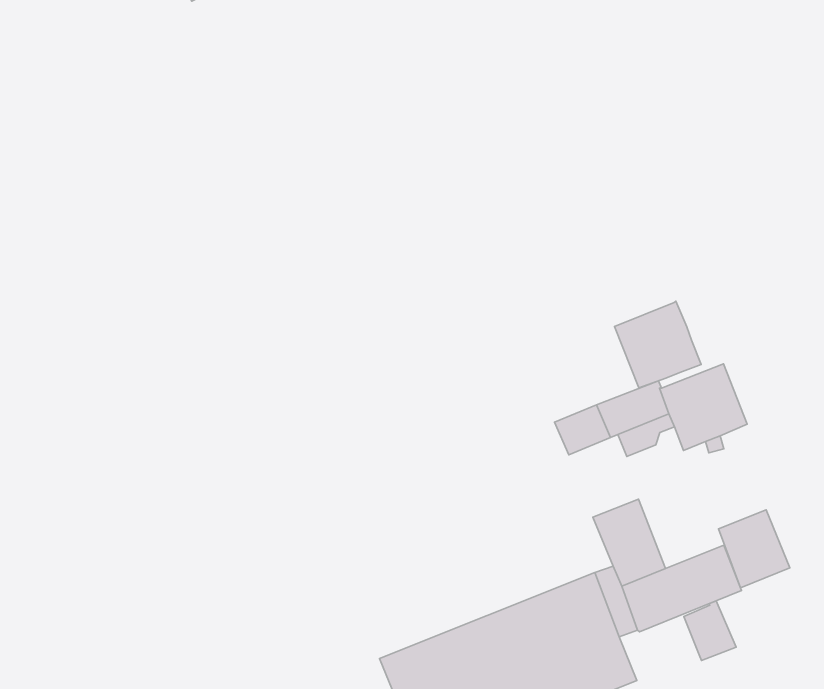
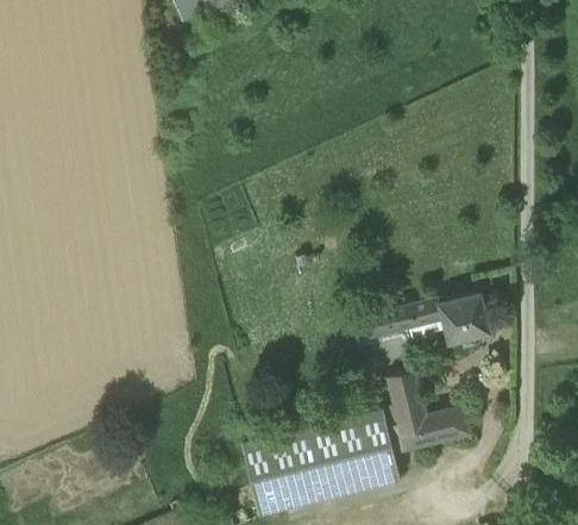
building: [615,301,701,388] -> none
building: [719,510,790,588] -> none
building: [684,601,736,660] -> none

